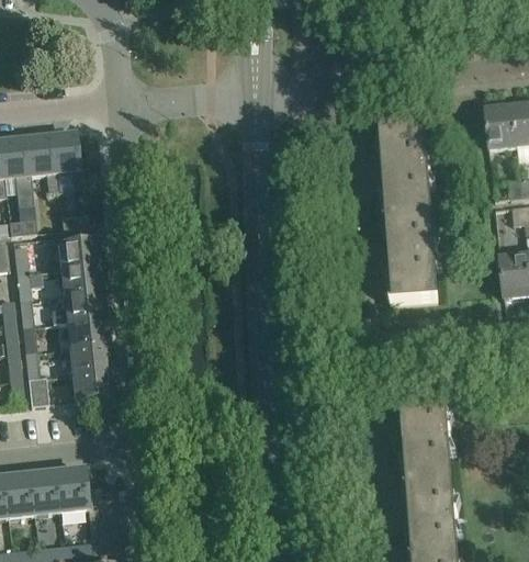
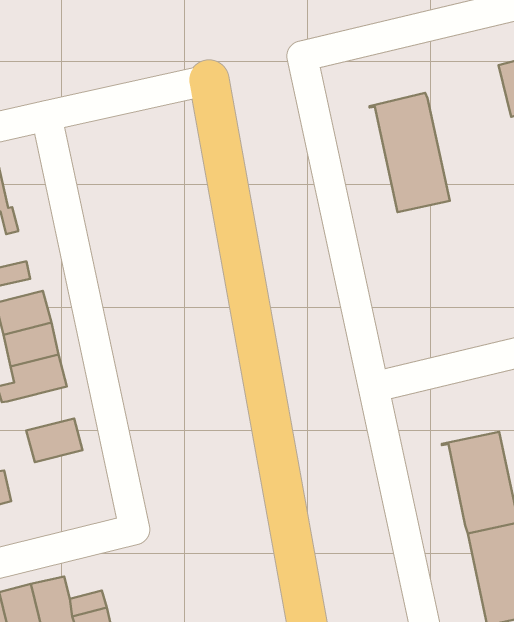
building: [389,210,438,302] -> none
building: [56,316,108,348] -> none
building: [71,369,113,400] -> none

